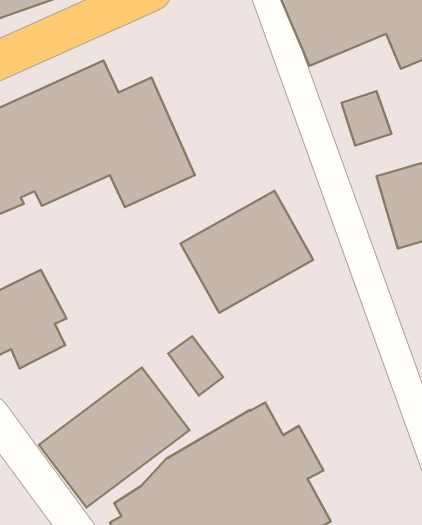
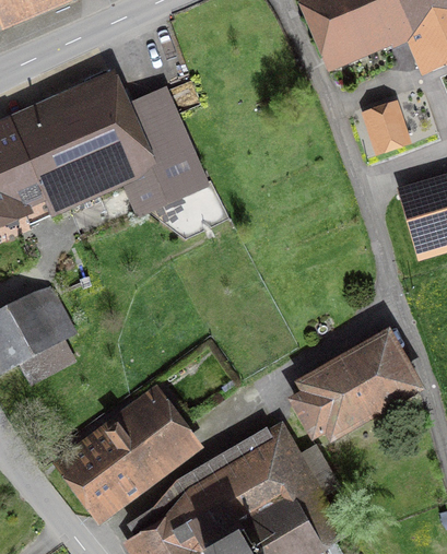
building: [181,191,313,313] -> none
building: none -> [287,328,426,446]
building: [168,336,223,395] -> none

